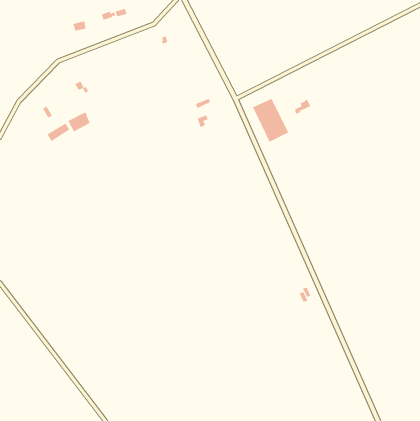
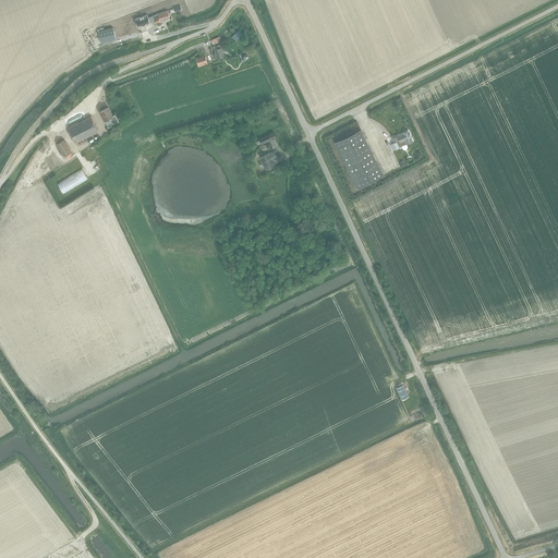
building: [68,112,91,132] -> [66,116,97,143]

